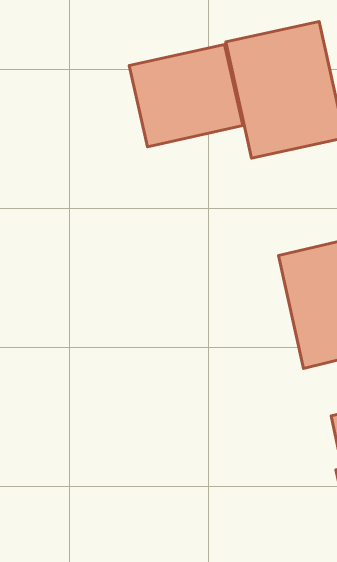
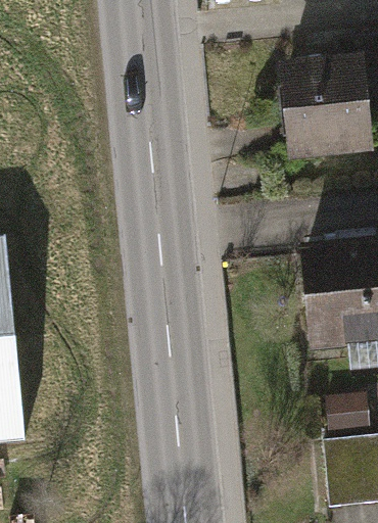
building: [129,44,243,147] -> none

